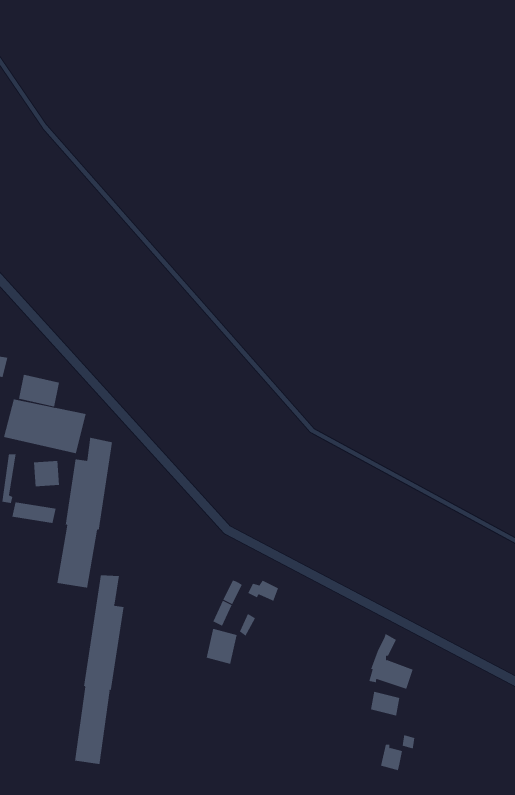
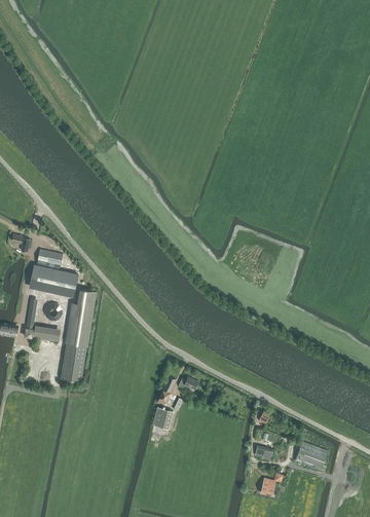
building: [74,575,124,765] -> none
building: none -> [295,441,328,470]

